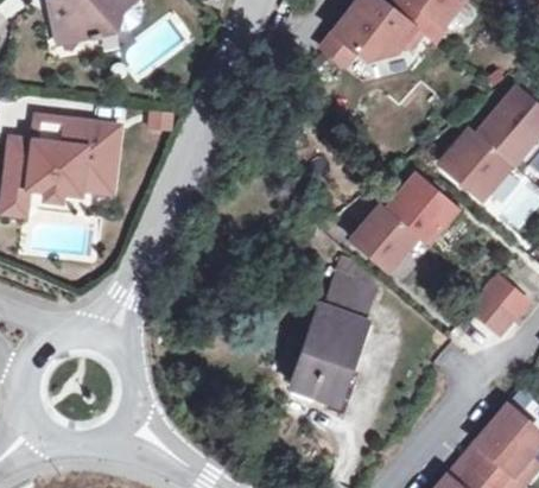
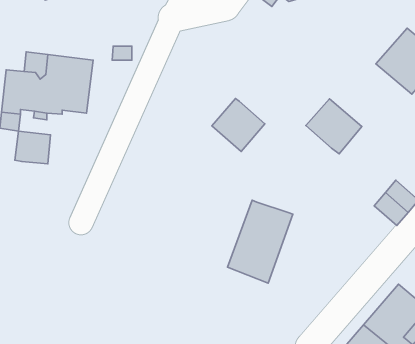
building: [438,125,512,197] -> none
building: [354,205,420,272] -> [212,98,265,151]
building: none -> [15,131,51,164]
building: [326,273,376,318] -> none

